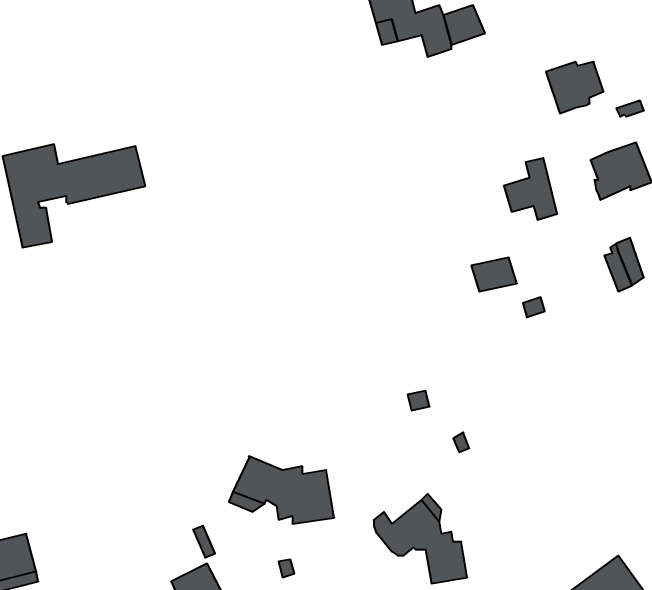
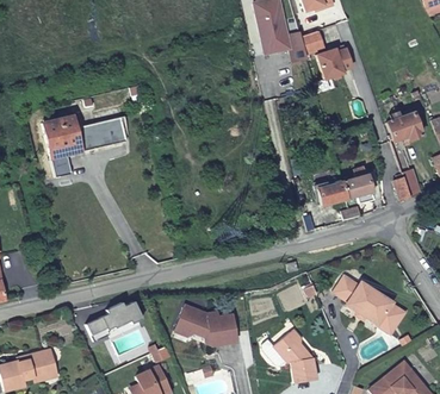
building: [546,62,604,113] -> [320,49,354,80]
building: [504,158,557,220] -> [341,165,373,202]
building: none -> [331,276,404,333]
building: none -> [87,304,143,342]

